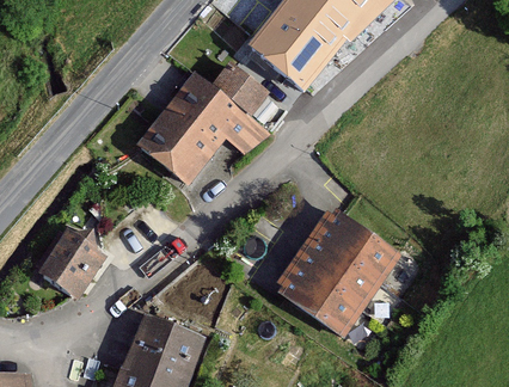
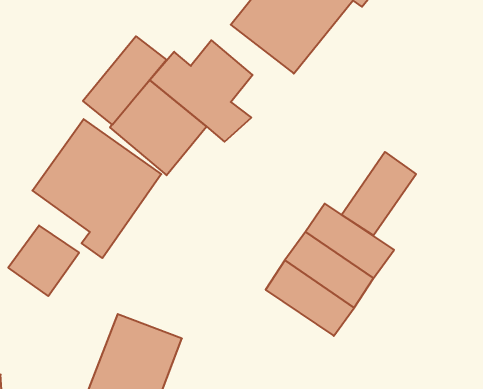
building: none -> [83,36,166,125]
building: none -> [32,119,161,258]
building: none -> [342,152,416,236]

